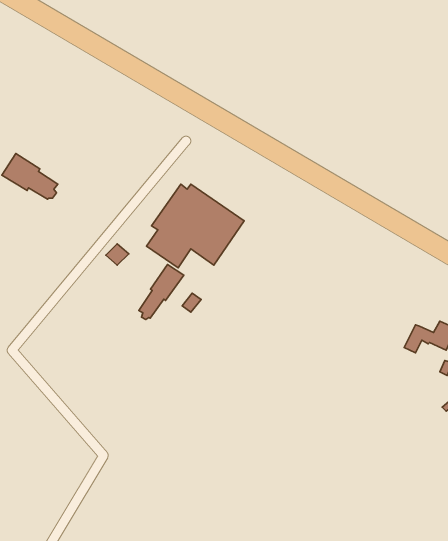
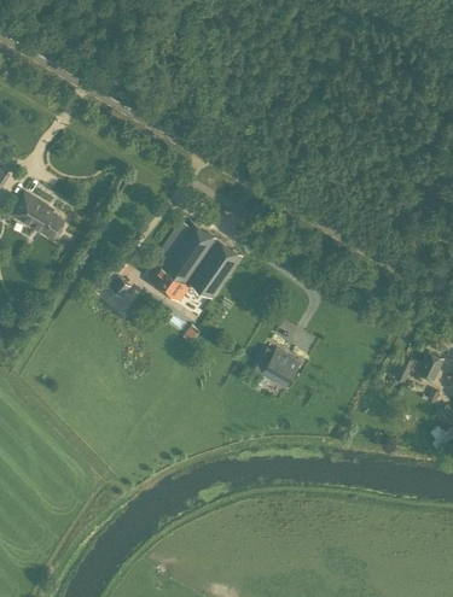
building: [139,264,184,320] -> none
building: none -> [259,349,302,390]

